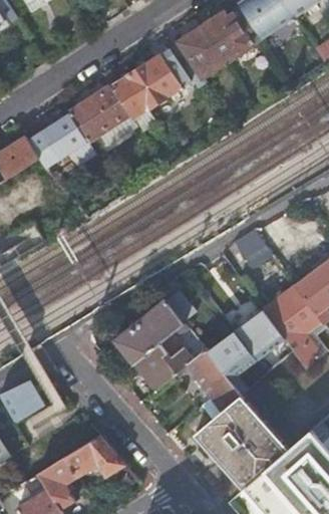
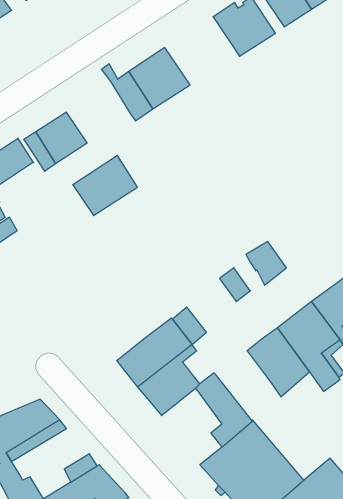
building: [170,25,227,82] -> none
building: [68,85,127,141] -> [73,155,137,216]
building: [205,331,256,396] -> none

